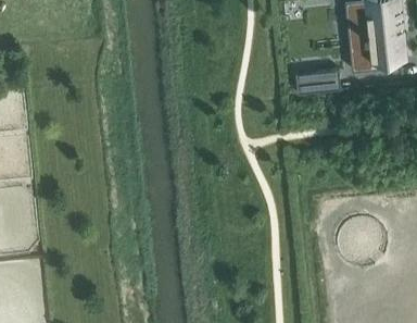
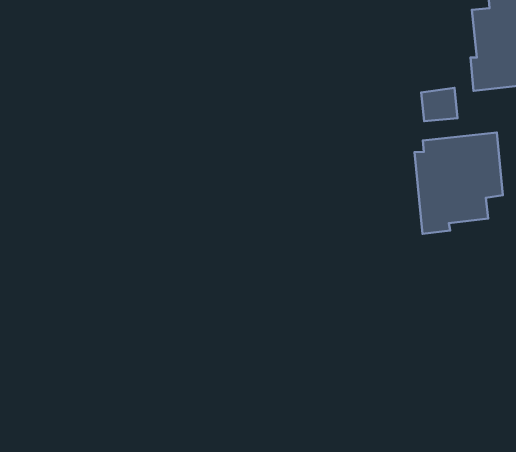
building: none -> [414,133,503,234]

